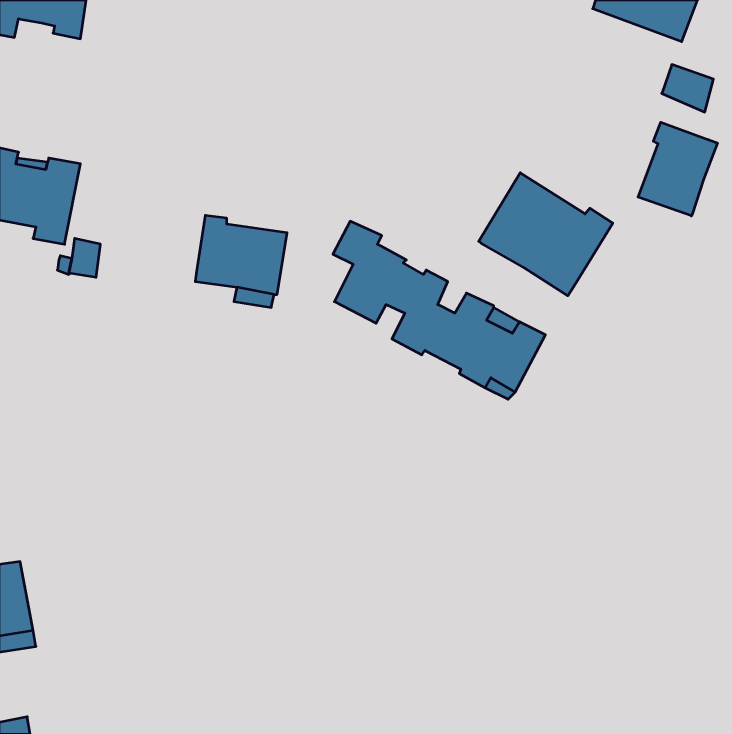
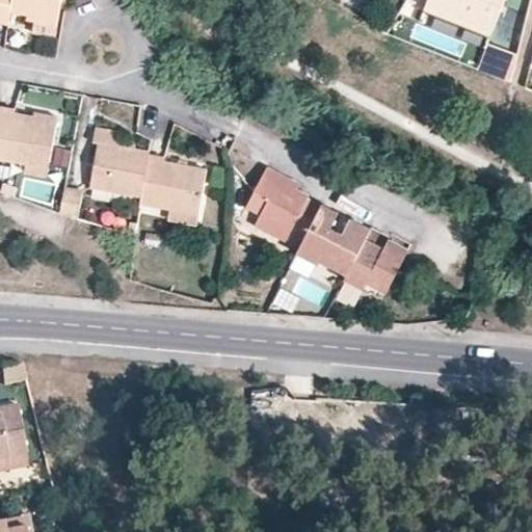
building: [638,122,717,216] -> none
building: [479,173,613,296] -> none
building: none -> [90,130,150,196]

